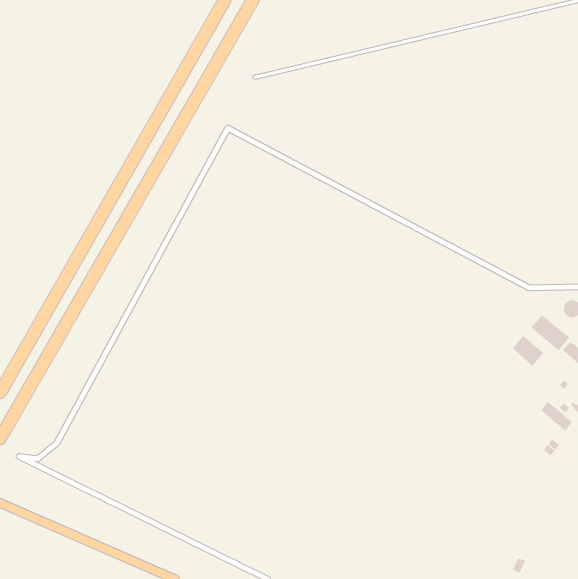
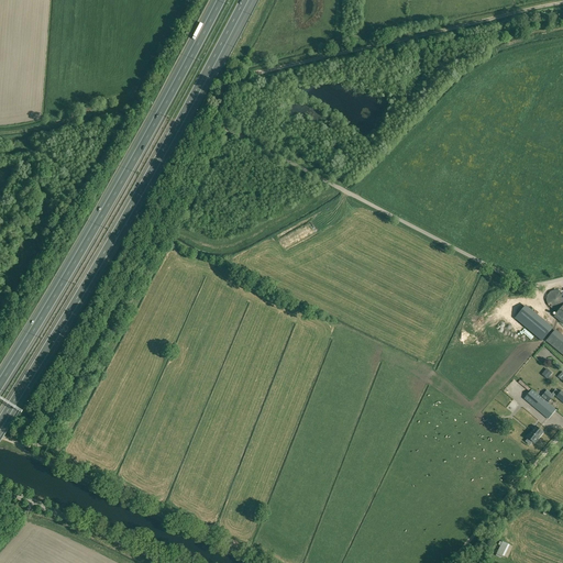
building: [512,335,544,366] -> none

